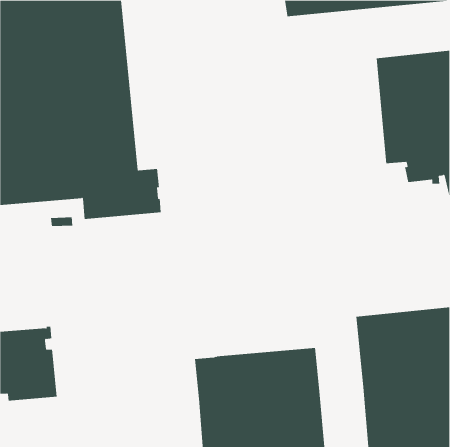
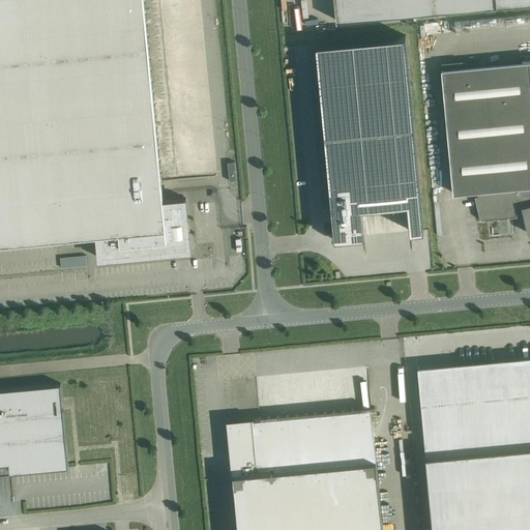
building: none -> [316,39,423,242]

